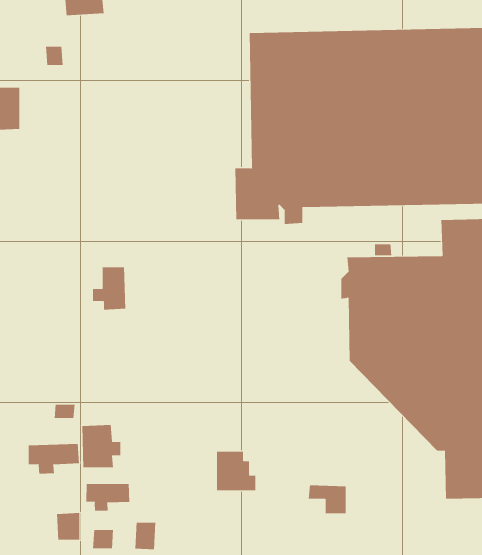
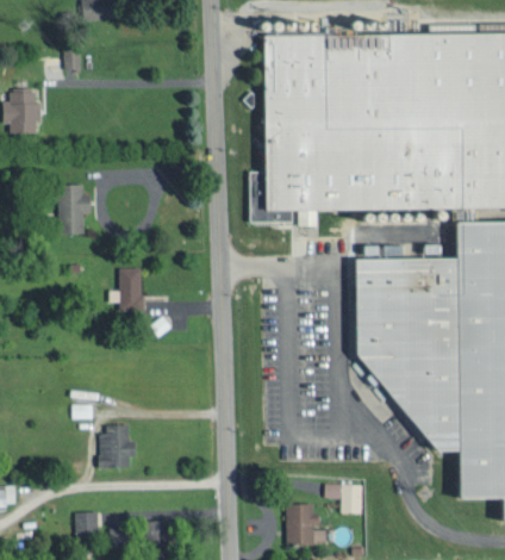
building: none -> [58,186,92,235]
building: [28,443,79,475] -> none
building: [216,451,256,491] -> [286,505,325,545]
building: [86,483,130,512] -> none

